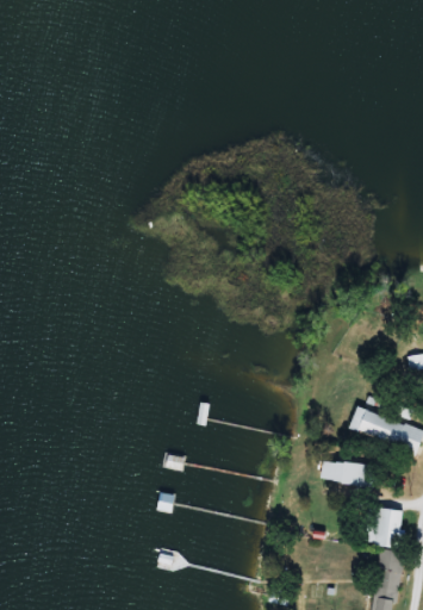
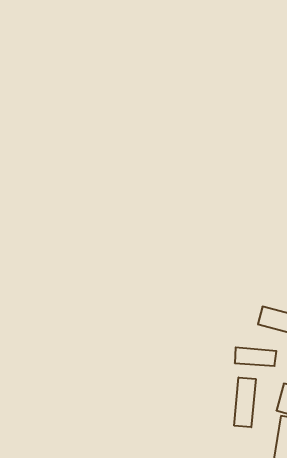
building: none -> [234,377,256,427]

